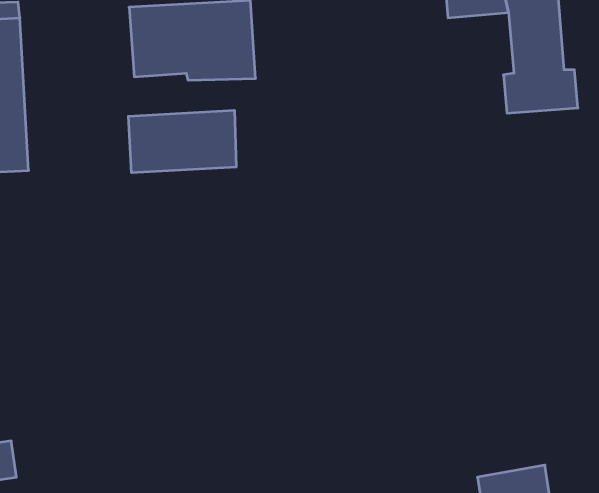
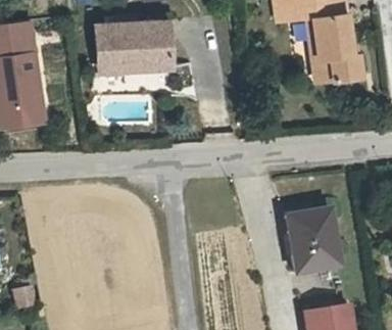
building: [128,110,236,173] -> none
building: none -> [281,203,333,266]

